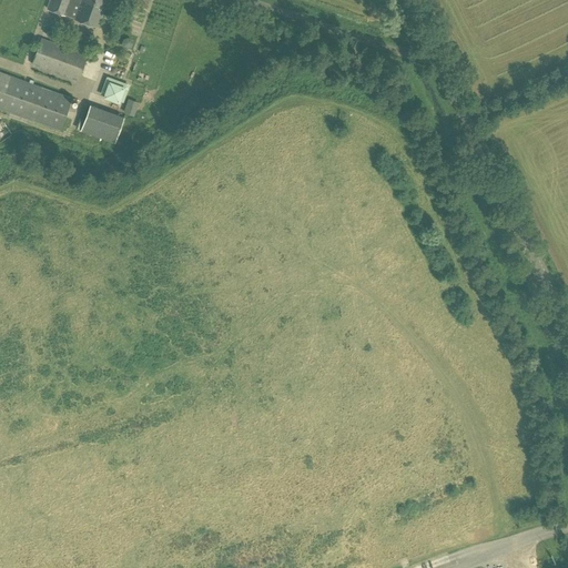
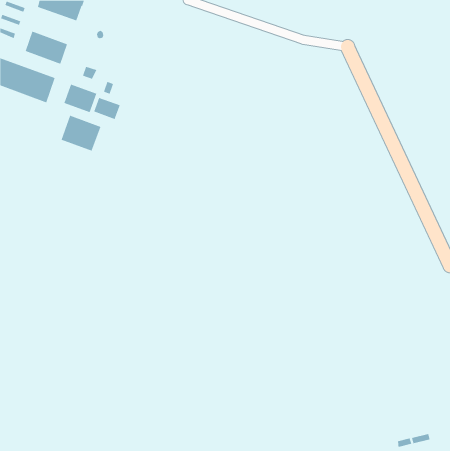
building: none -> [93,97,120,120]
building: none -> [61,115,101,152]

